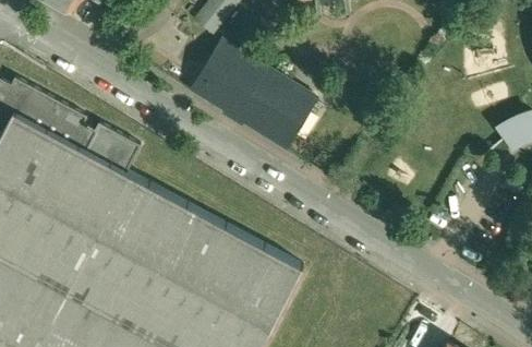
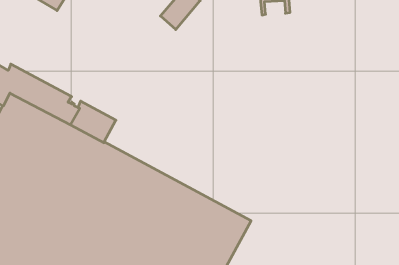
building: [183,33,323,154] -> none

